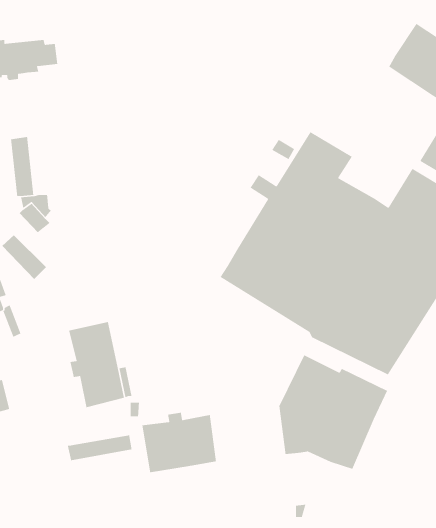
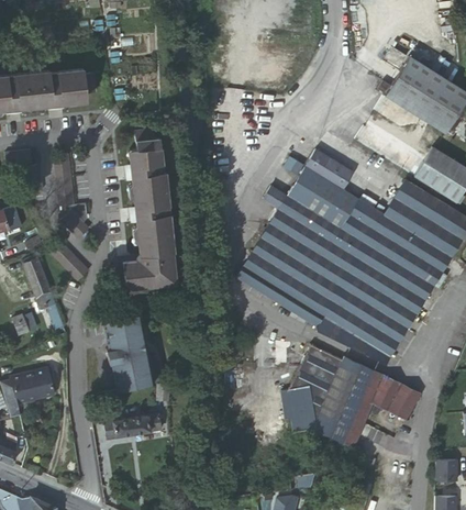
building: none -> [124,131,174,290]
building: none -> [371,376,420,418]
building: [142,412,217,473] -> none

